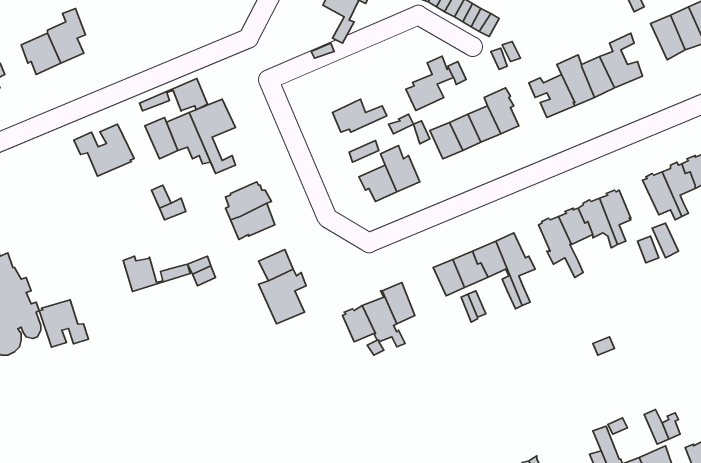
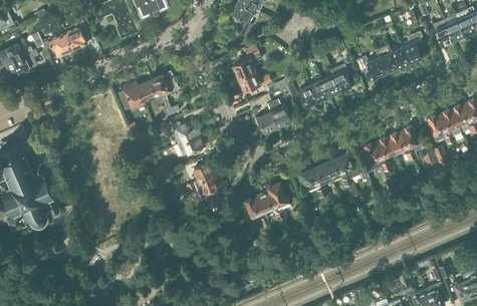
building: [406,56,454,111] -> [232,45,261,78]
building: [140,78,208,111] -> none
building: [74,124,134,176] -> none
building: [123,256,190,292] -> none
building: [39,300,88,347] -> none

